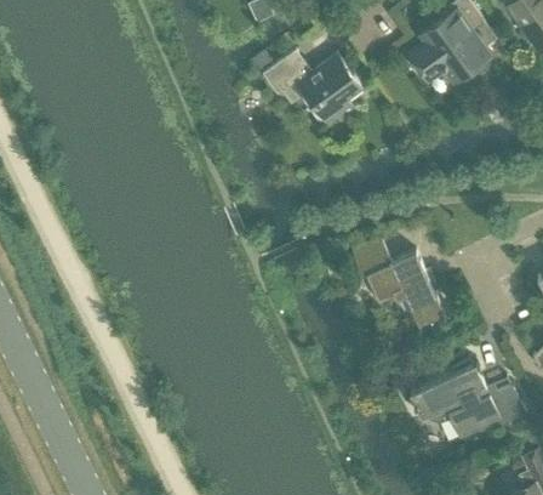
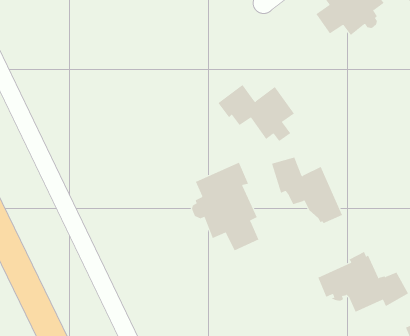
building: [263,51,362,125] -> [217,84,295,142]
building: none -> [192,162,259,251]

